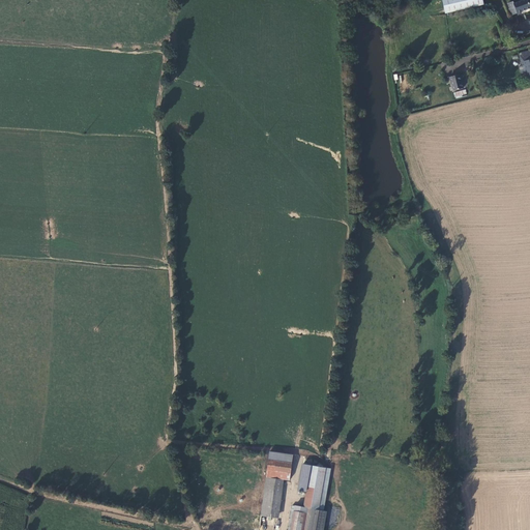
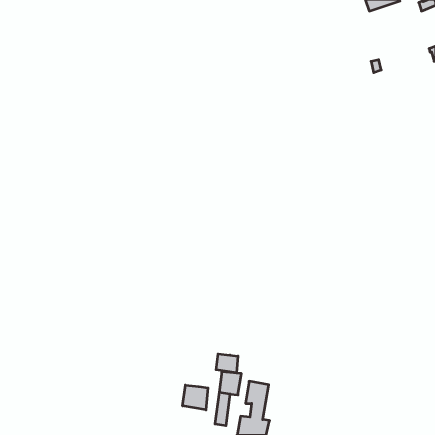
building: none -> [216,354,238,373]
building: none -> [183,385,208,410]

